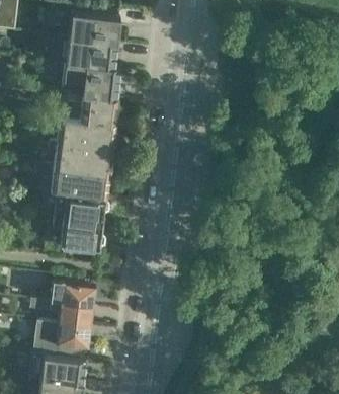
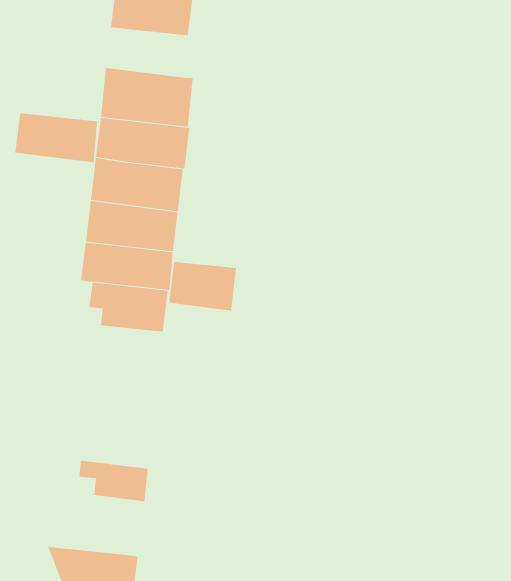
building: [65,41,115,71] -> [15,113,98,163]
building: [59,222,100,252] -> [169,261,237,311]
building: [50,284,93,309] -> none
building: [31,323,89,362] -> none

